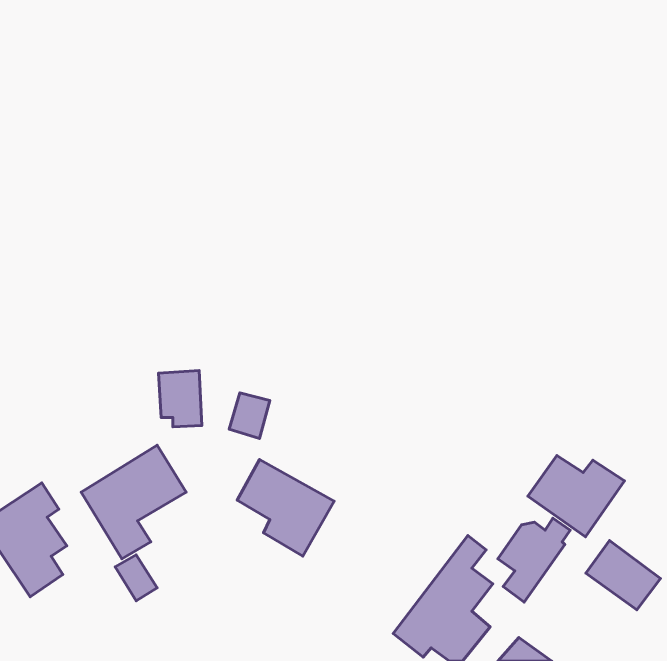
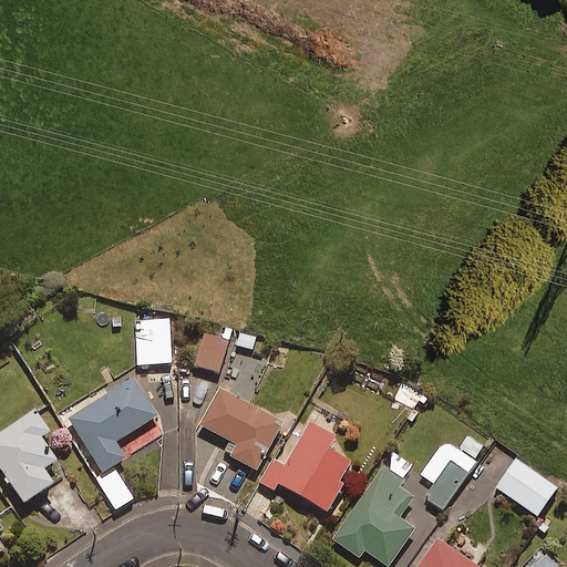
building: [528,456,625,537] -> none
building: none -> [258,424,351,513]

